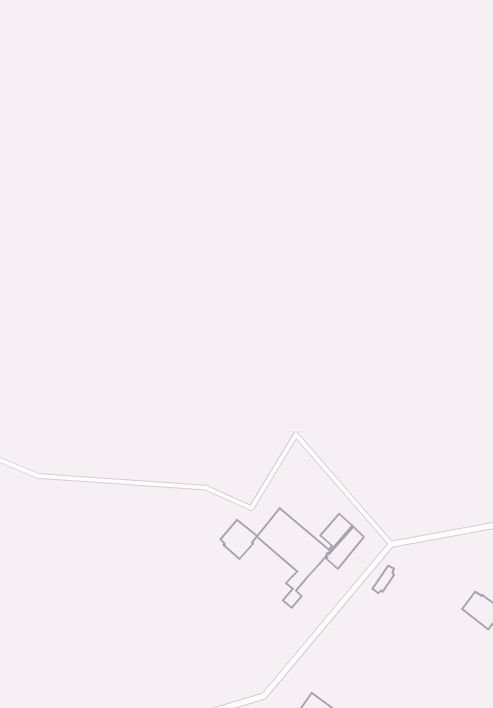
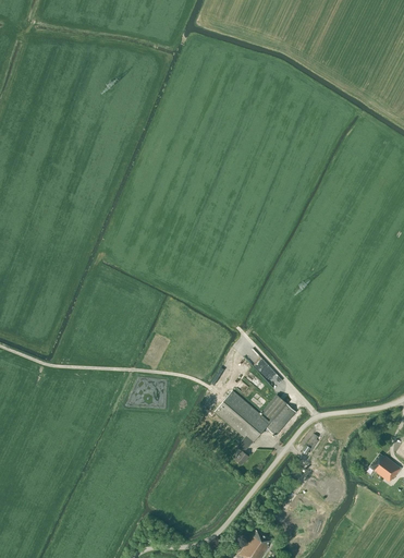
building: [220,520,257,559] -> none

